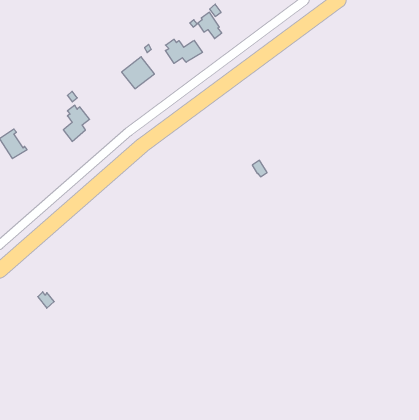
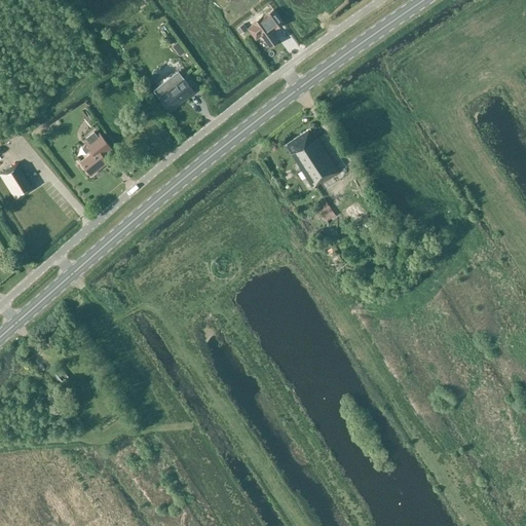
building: [165,39,202,63] -> none
building: none -> [284,127,339,186]

